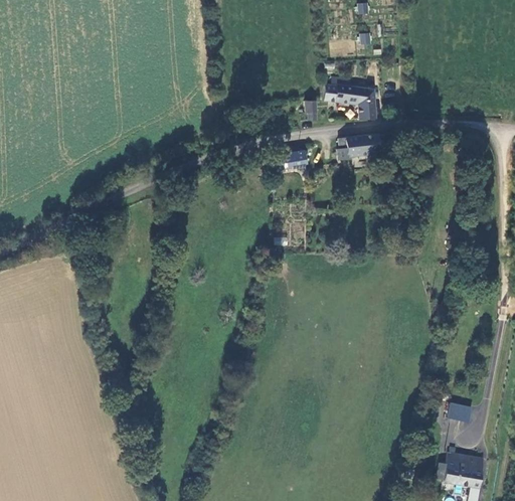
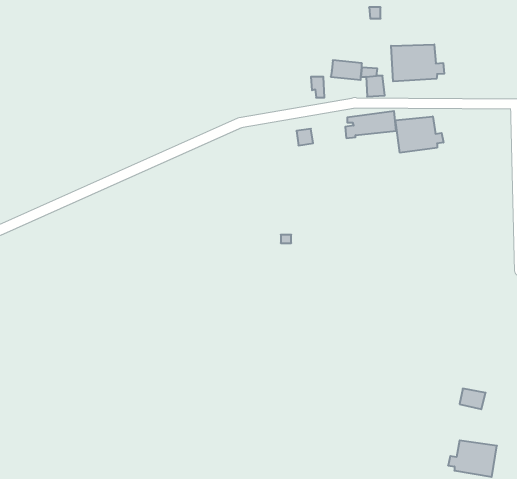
building: none -> [391,44,444,81]
building: none -> [396,116,443,153]

